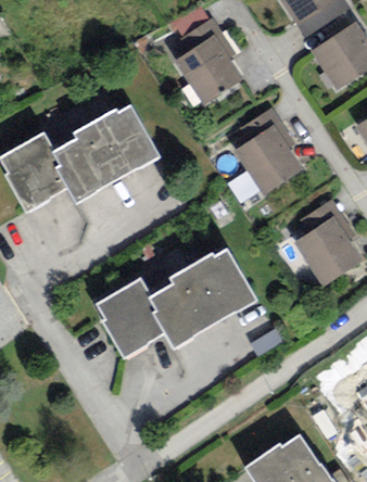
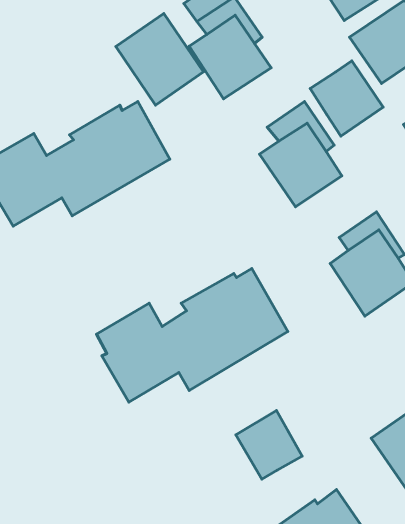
building: none -> [116,13,203,105]
building: none -> [310,61,383,136]
building: none -> [236,411,302,479]

